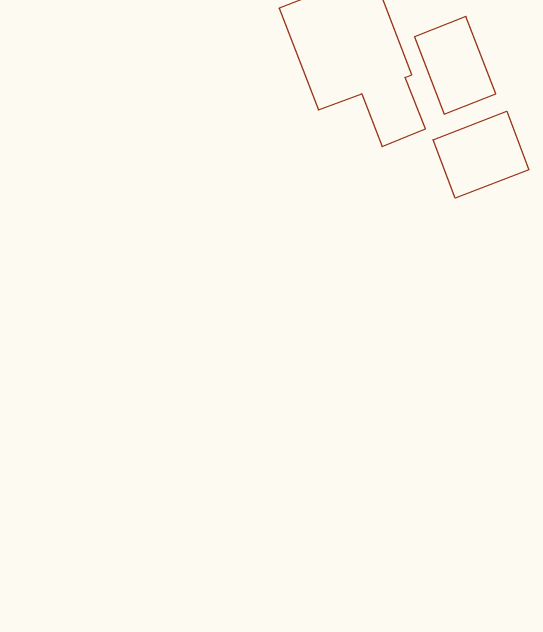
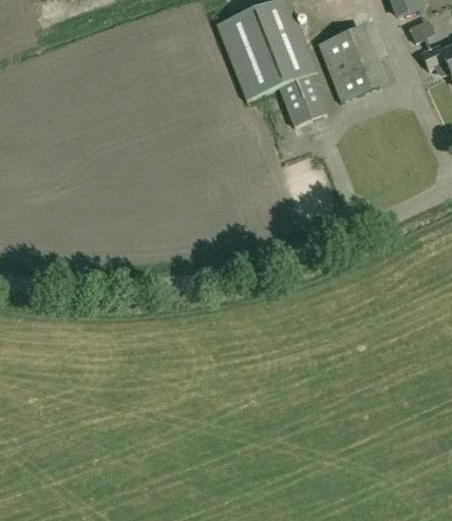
building: [433,111,529,198] -> none

